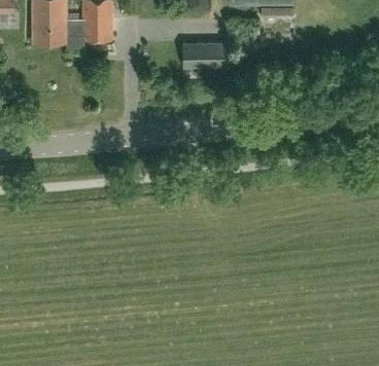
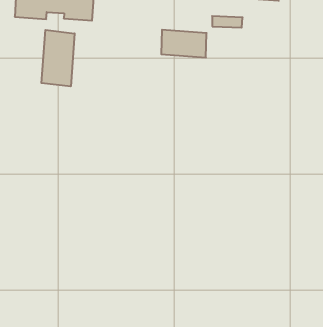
building: none -> [41,30,75,86]

